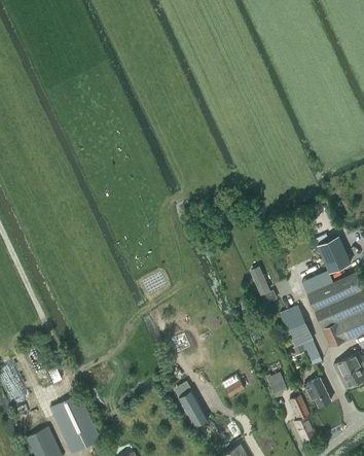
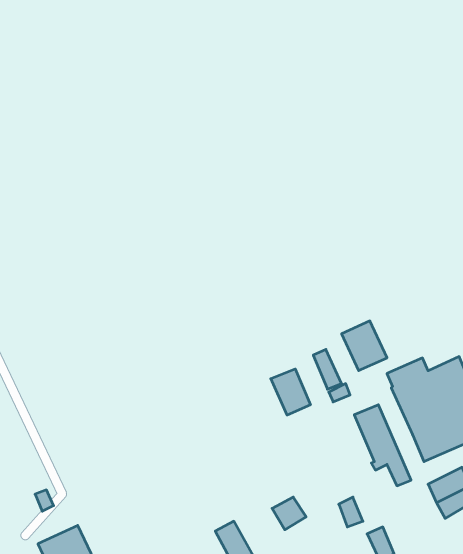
building: [318,236,351,272] -> [342,321,387,371]
building: none -> [271,369,310,415]
building: [303,377,330,406] -> none

